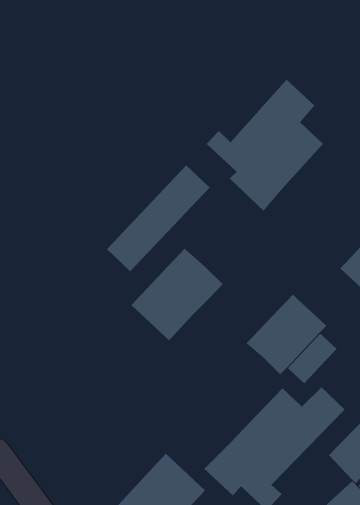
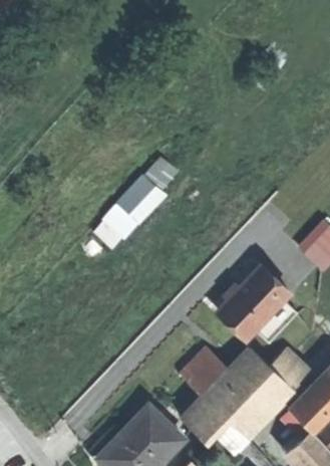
building: [206,79,324,212] -> none
building: [130,248,223,341] -> none
building: none -> [182,350,228,397]

